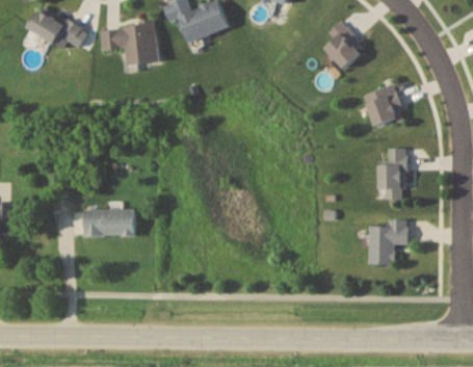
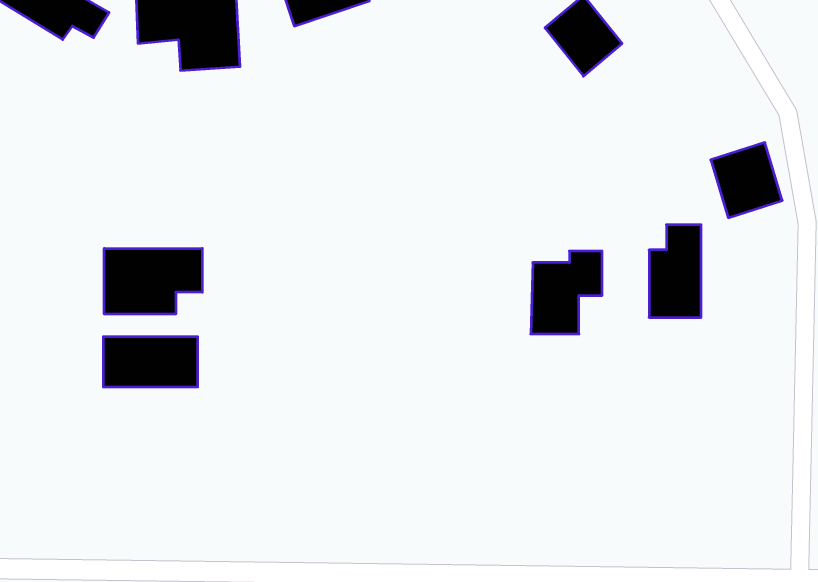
building: [365,84,403,125] -> [711,143,782,218]
building: none -> [104,248,202,314]
building: [368,218,406,263] -> [531,251,602,334]

